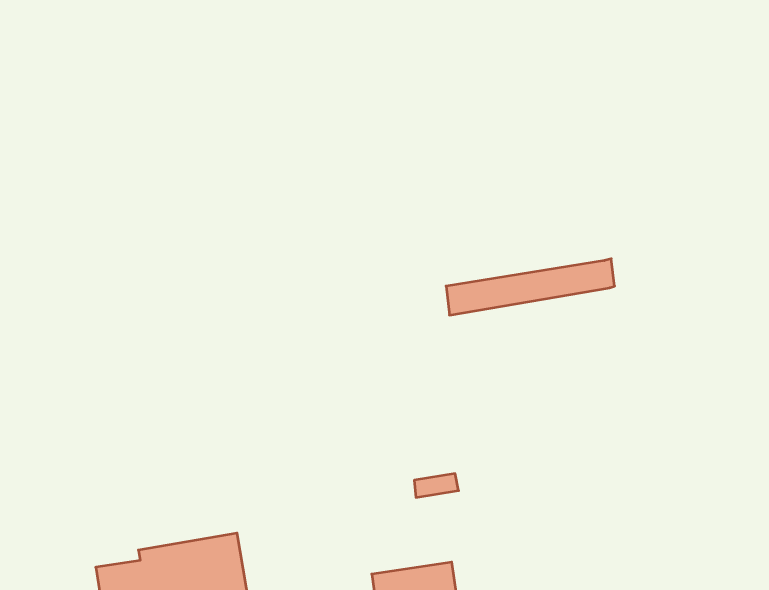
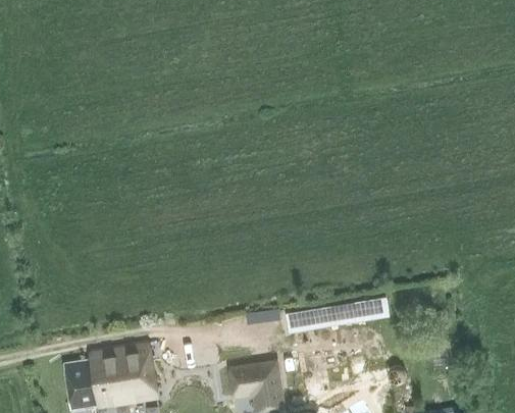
building: [446,259,615,315] -> [288,297,389,330]

